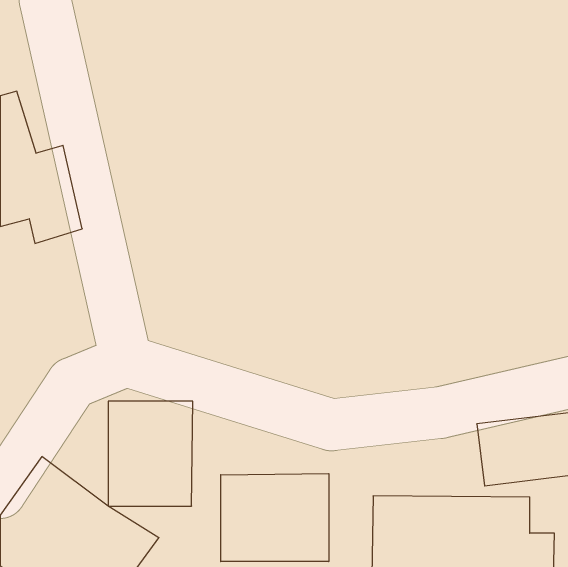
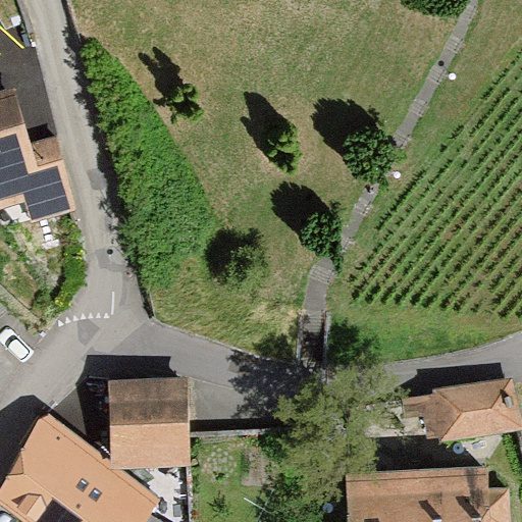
building: [221,474,329,562] -> none

